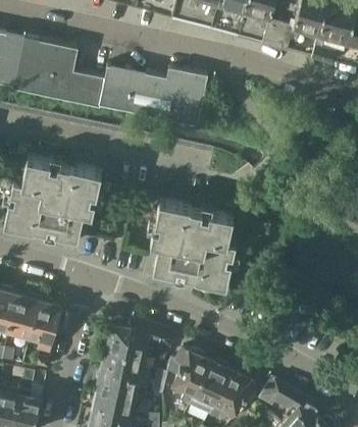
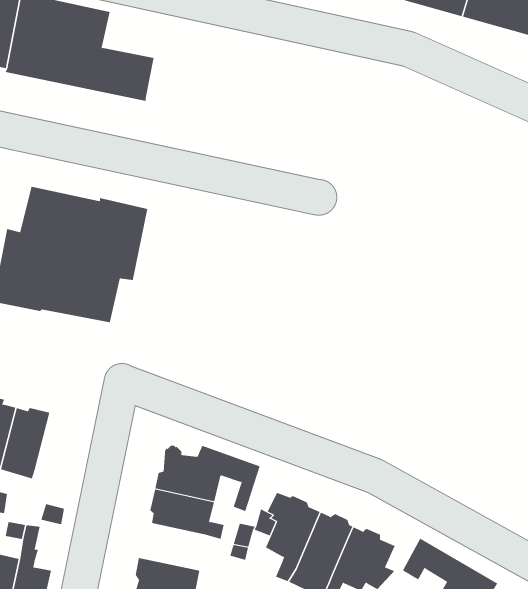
building: [100,65,207,123] -> none
building: [150,201,236,292] -> none
building: [29,300,60,352] -> none
building: [95,369,147,398] -> none

